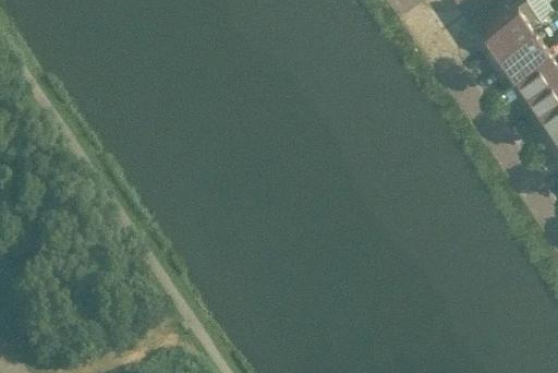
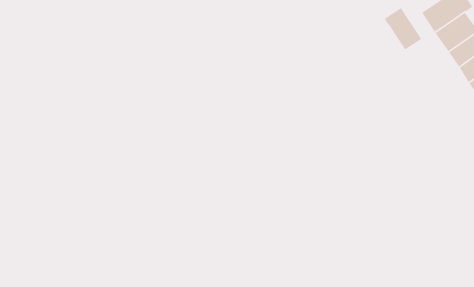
building: none -> [384,7,422,51]

